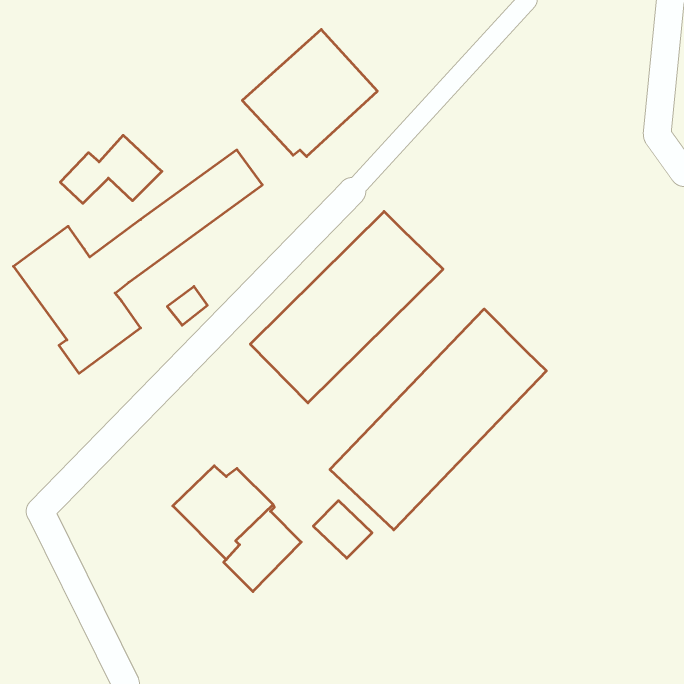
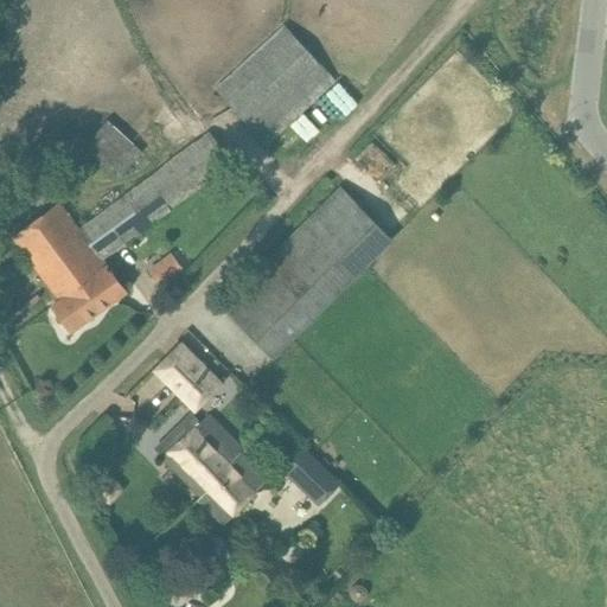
building: [330,309,546,530] -> none
building: none -> [156,344,222,410]

